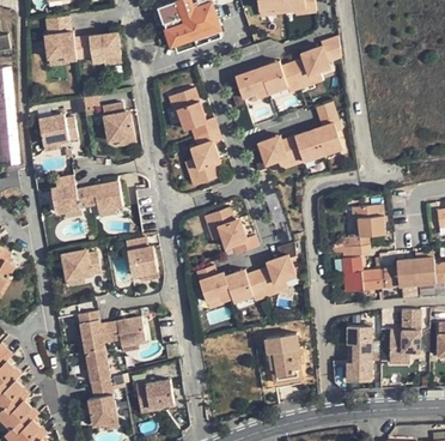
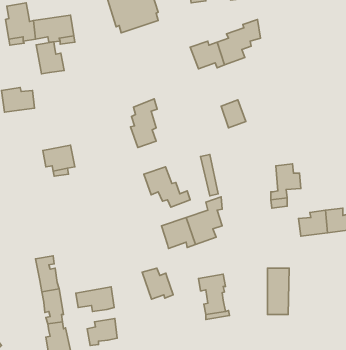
building: [227,70,267,109] -> none
building: [166,89,215,139] -> none
building: [312,103,341,156] -> none
building: [103,105,135,143] -> [36,42,64,74]
building: [250,137,301,173] -> none
building: [53,177,90,216] -> none
building: [123,240,156,278] -> none
building: [60,253,98,282] -> none
building: [335,258,380,292] -> none
building: [195,267,231,303] -> [142,268,173,299]
building: [389,309,420,358] -> none
building: [100,319,145,348] -> [76,287,114,312]

